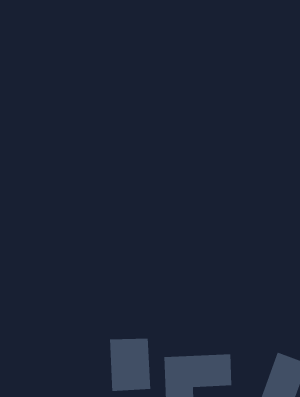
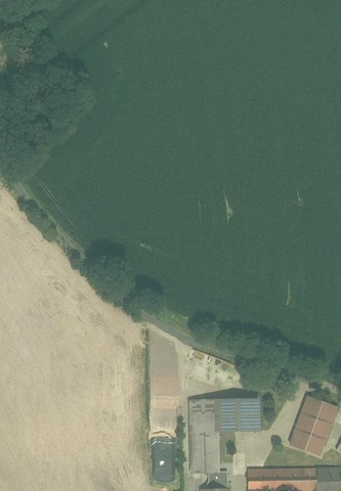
building: [109,338,151,392] -> none

